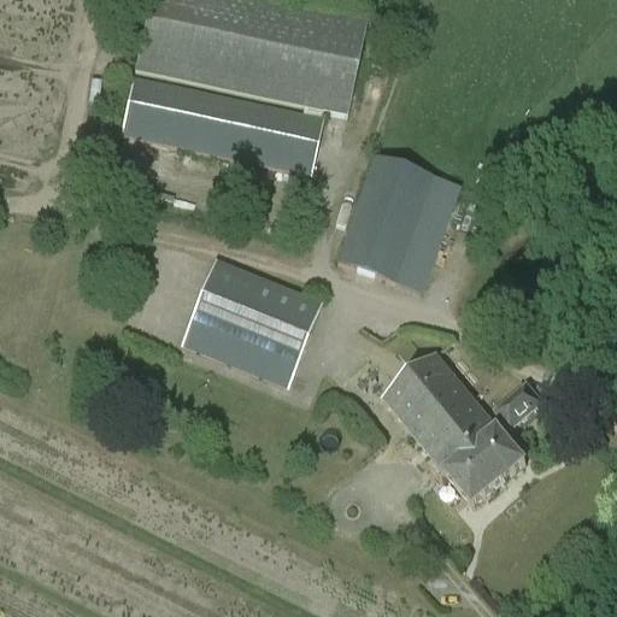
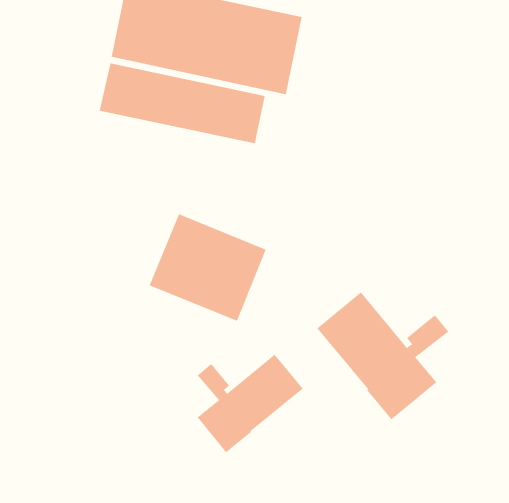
building: [335,155,459,294] -> none
building: none -> [197,354,303,453]

